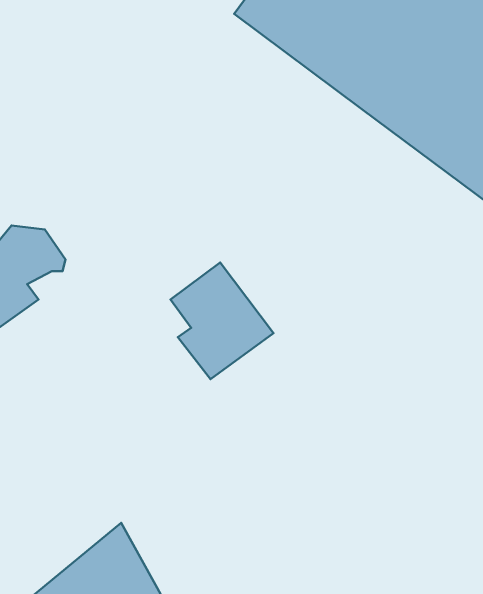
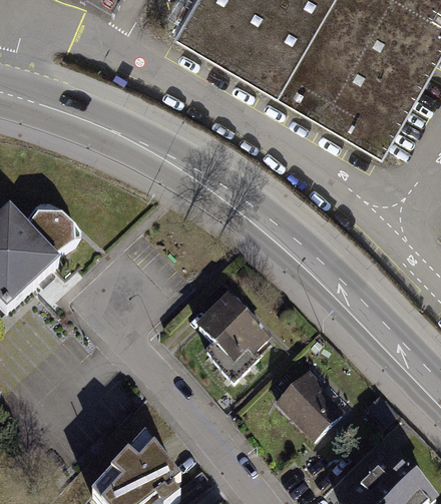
building: [170,262,273,379] -> [193,295,273,382]
building: none -> [274,372,348,447]

